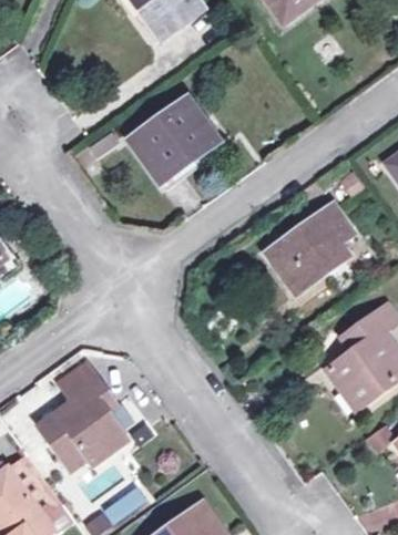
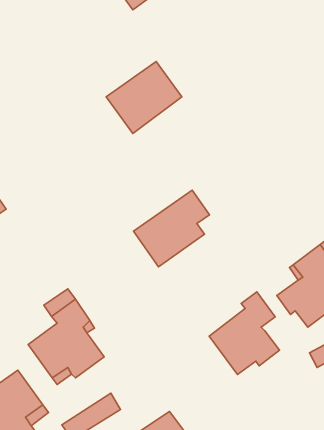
building: [265,206,353,295] -> [134,190,209,267]
building: none -> [209,292,280,375]

